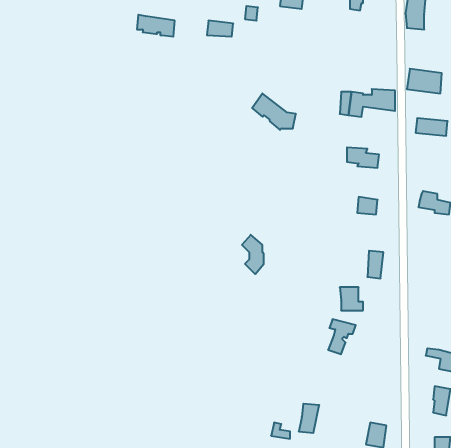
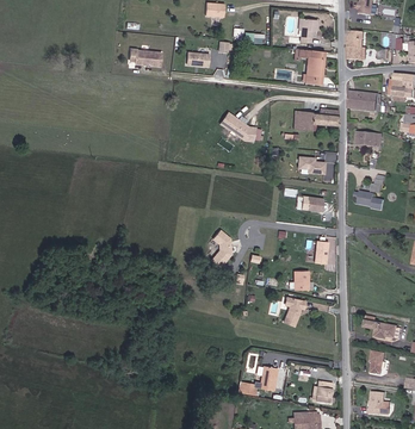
building: none -> [295,49,324,83]

